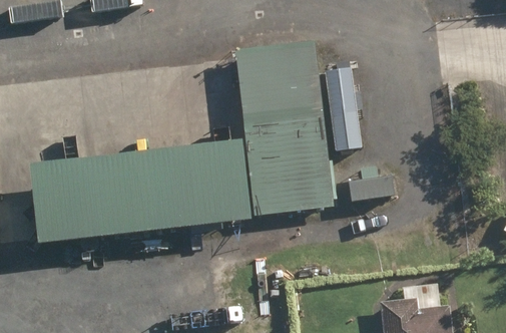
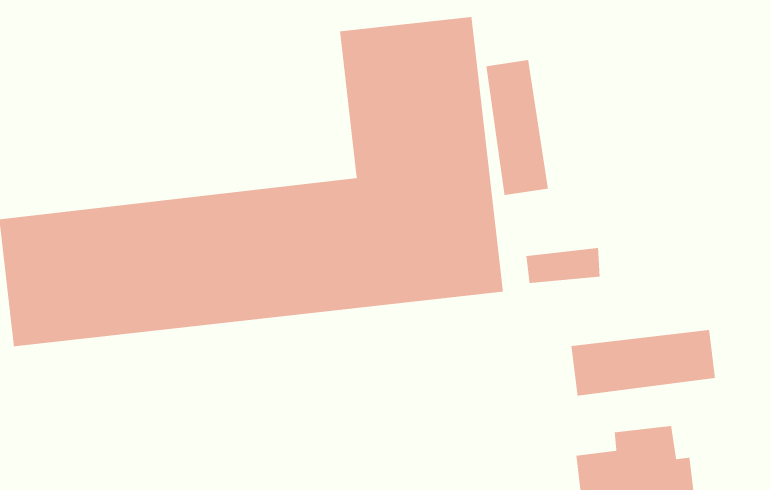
building: none -> [570,329,716,397]

